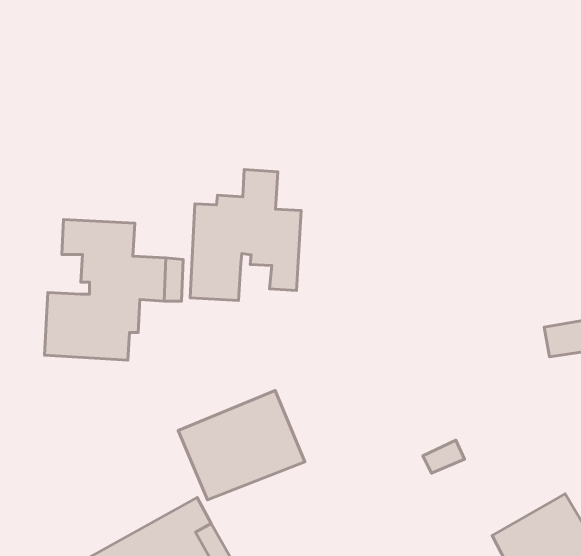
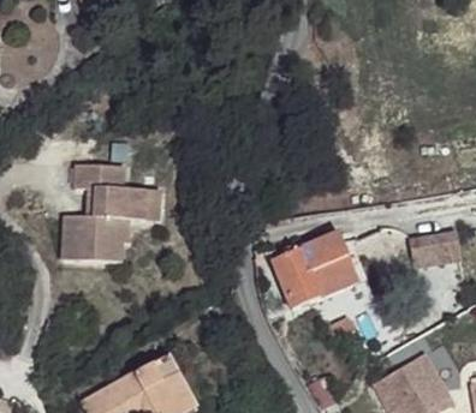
building: [190,169,301,300] -> none
building: [178,391,305,500] -> [272,233,359,309]

